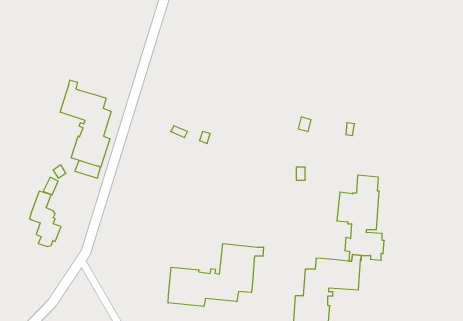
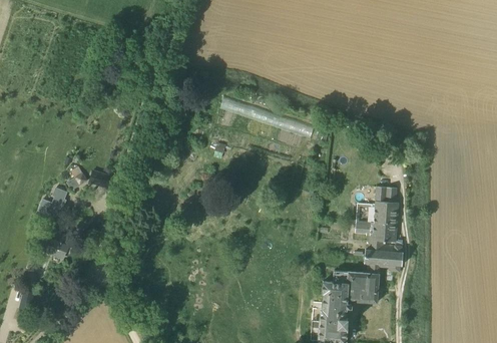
building: [60,80,111,167] -> none
building: [168,244,263,307] -> none

